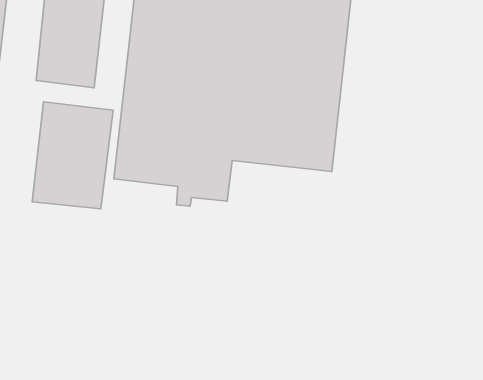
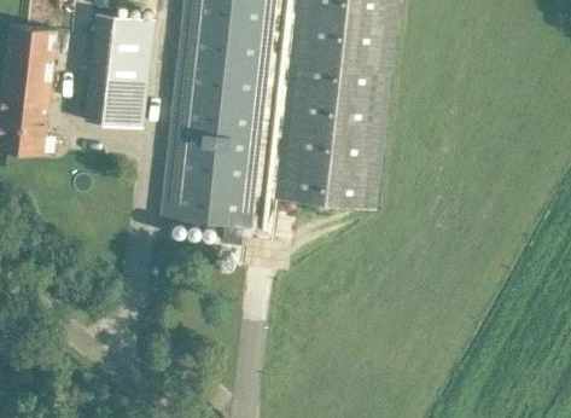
building: [32,102,113,209] -> none

